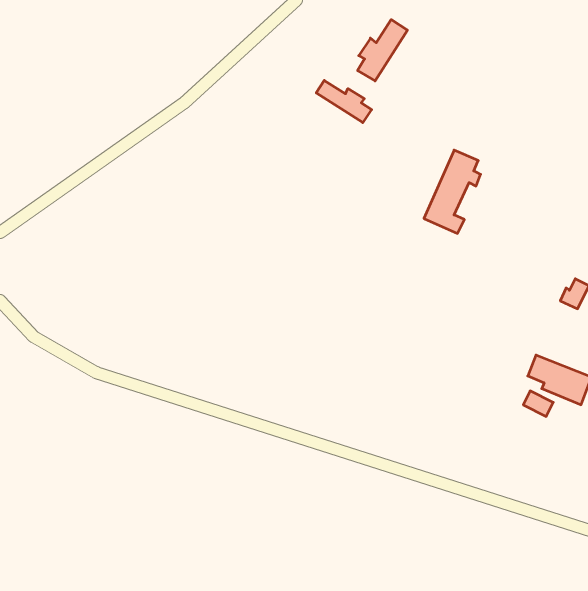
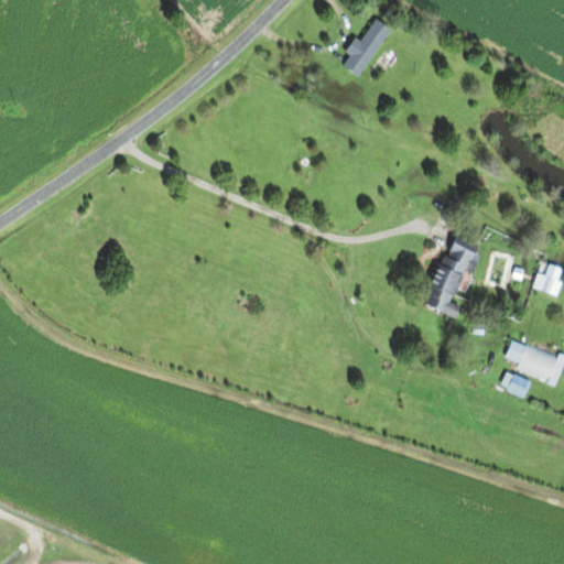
building: [316,80,372,123] -> none
building: [424,150,481,233] -> [423,239,477,318]

